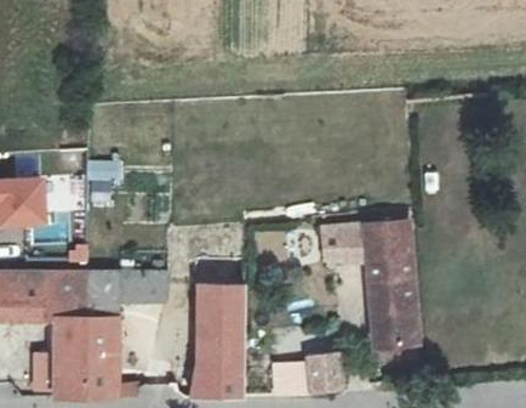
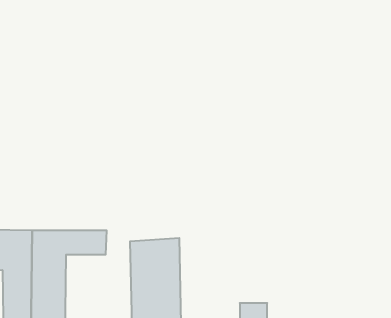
building: [321,225,424,358] -> none

